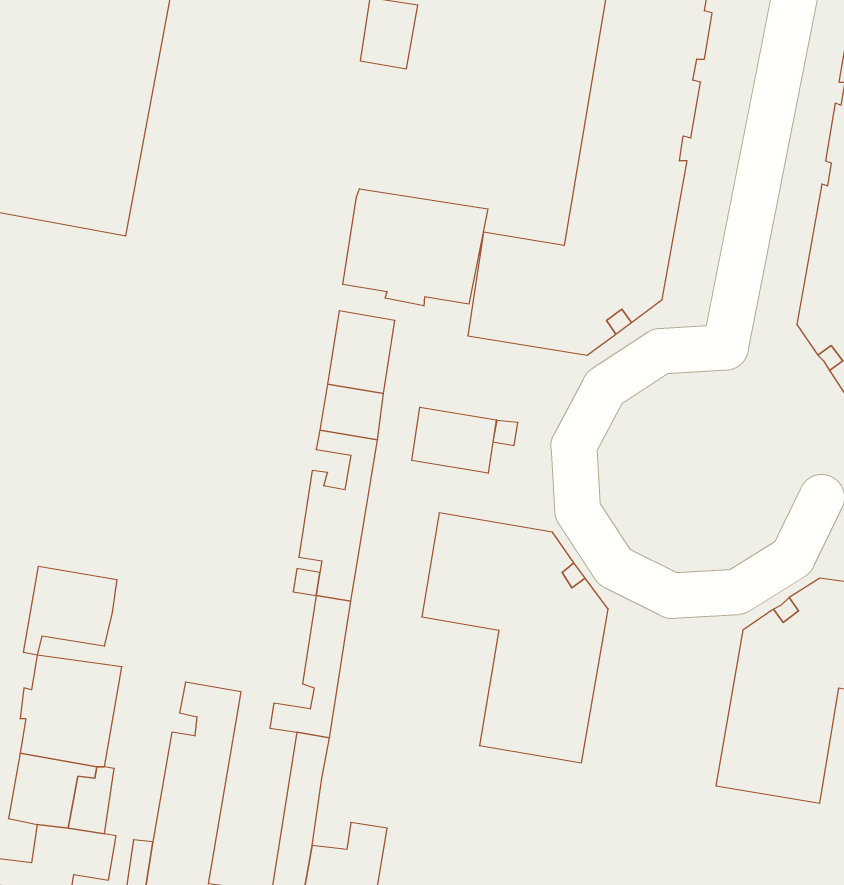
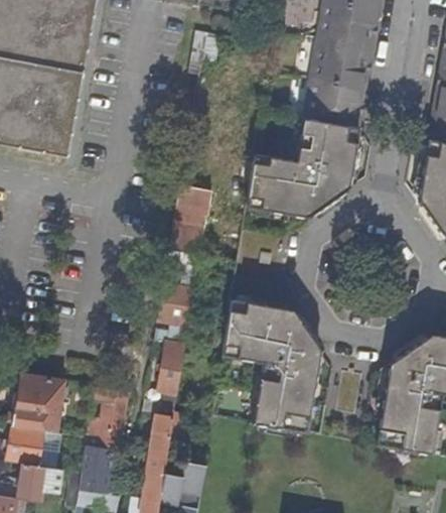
building: [343,189,488,306] -> none
building: [412,407,496,473] -> none
building: [24,566,117,655] -> none

